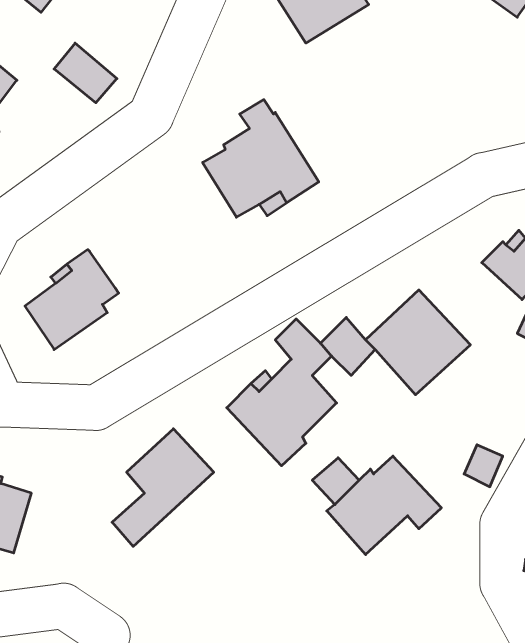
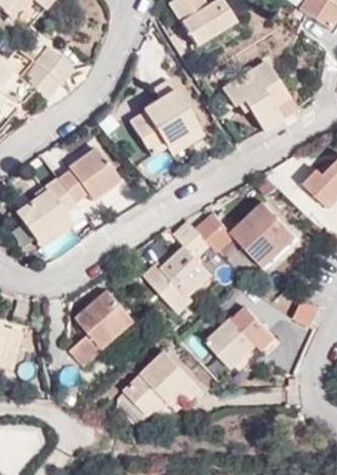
building: none -> [19,61,62,101]
building: none -> [223,62,298,133]
building: none -> [57,147,118,201]
building: none -> [118,351,204,422]

